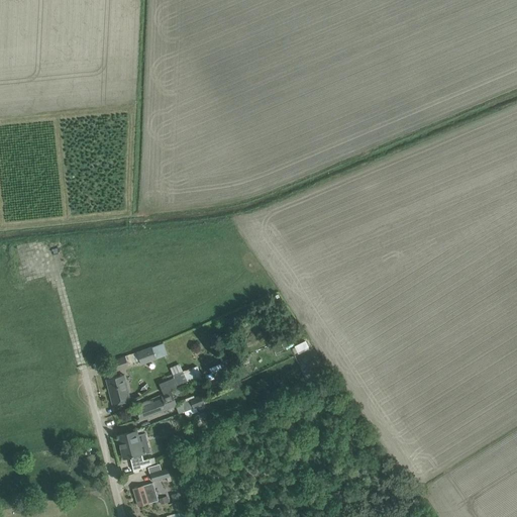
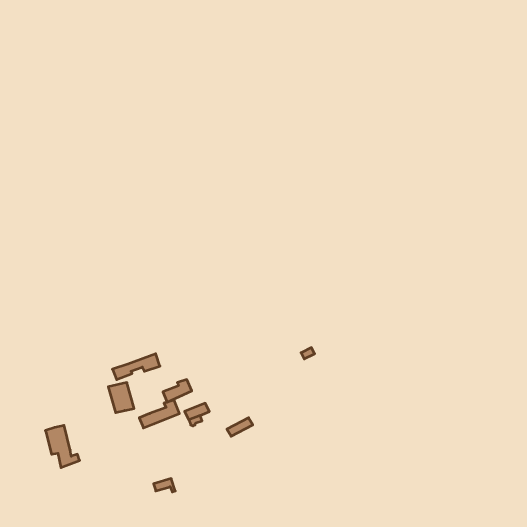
building: [118,430,151,472] -> [45,425,80,468]
building: [133,483,159,506] -> none

